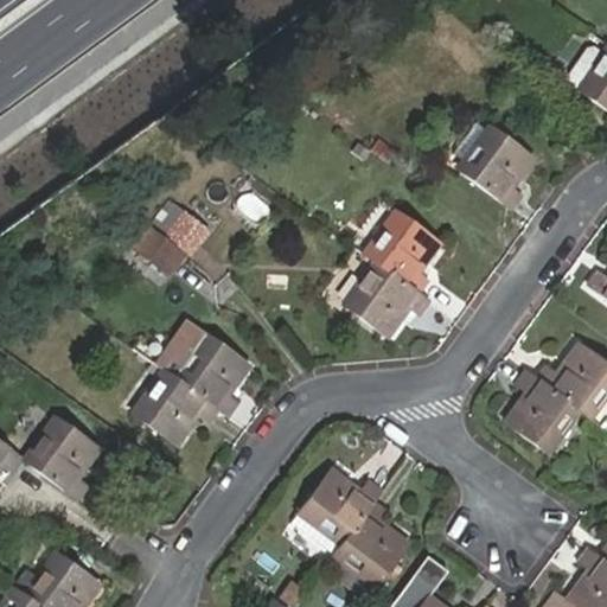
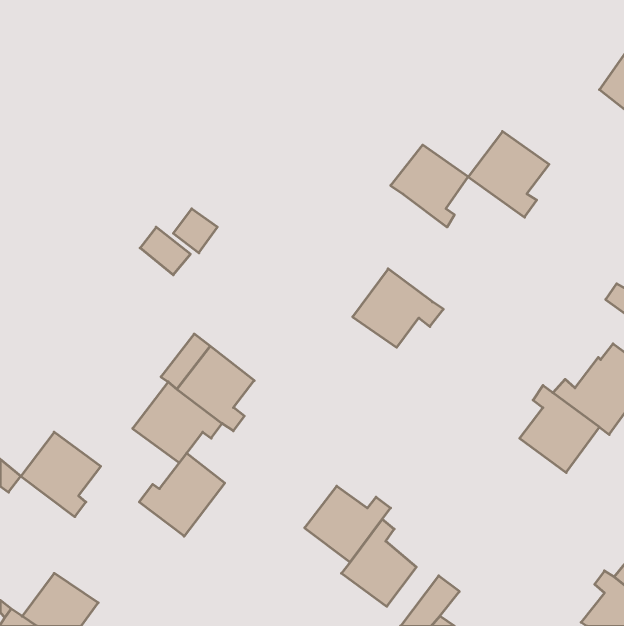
building: [366,212,441,292] -> [391,145,468,227]
building: none -> [139,453,225,536]

